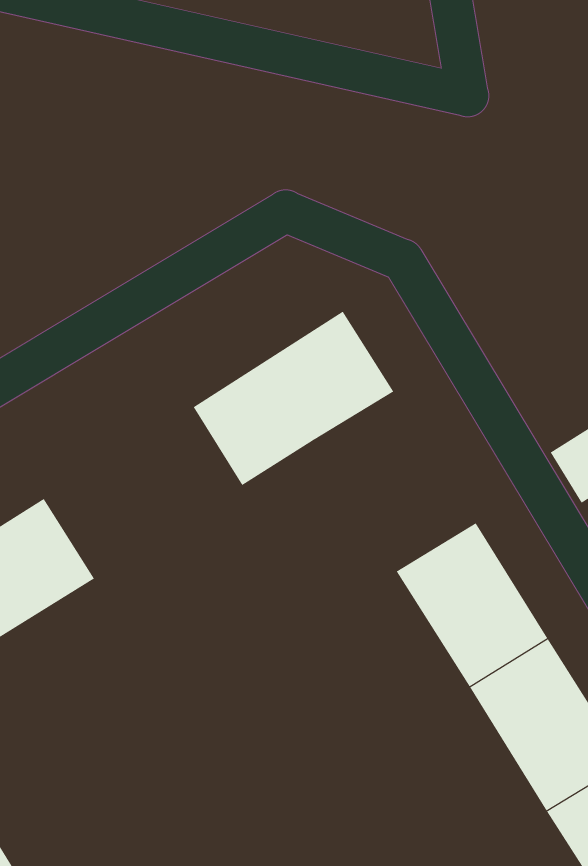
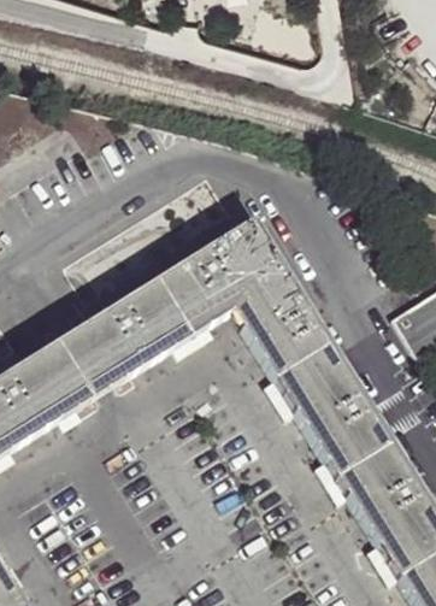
building: none -> [234,271,346,395]
building: none -> [48,282,184,400]

